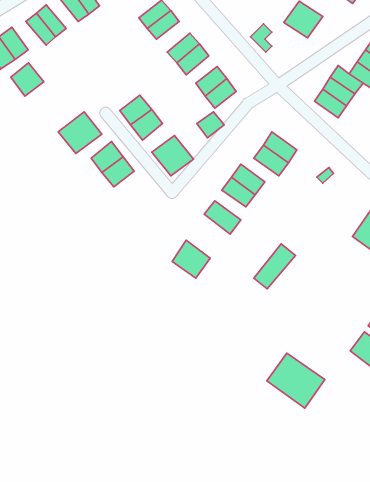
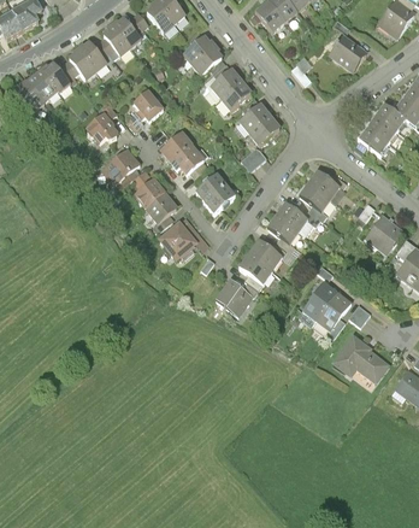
building: none -> [130,87,164,122]
building: [11,63,44,96] -> [85,112,119,146]
building: none -> [364,213,406,257]
building: none -> [157,219,196,259]
building: none -> [236,251,273,286]
building: none -> [311,293,352,338]
building: [267,353,325,408] -> [332,338,391,393]

